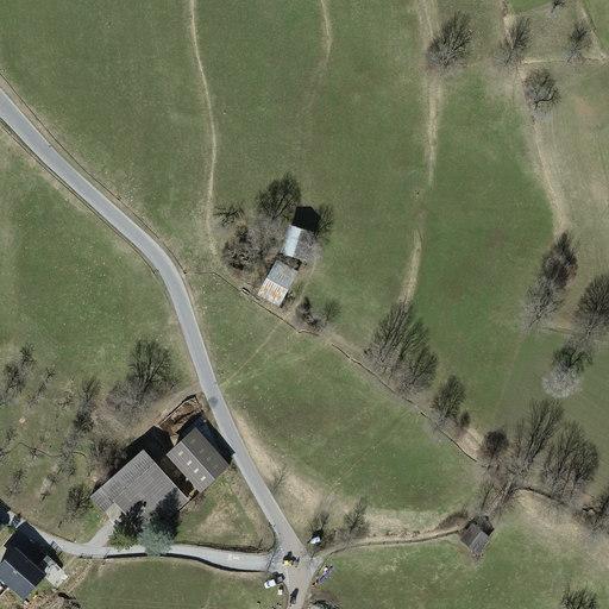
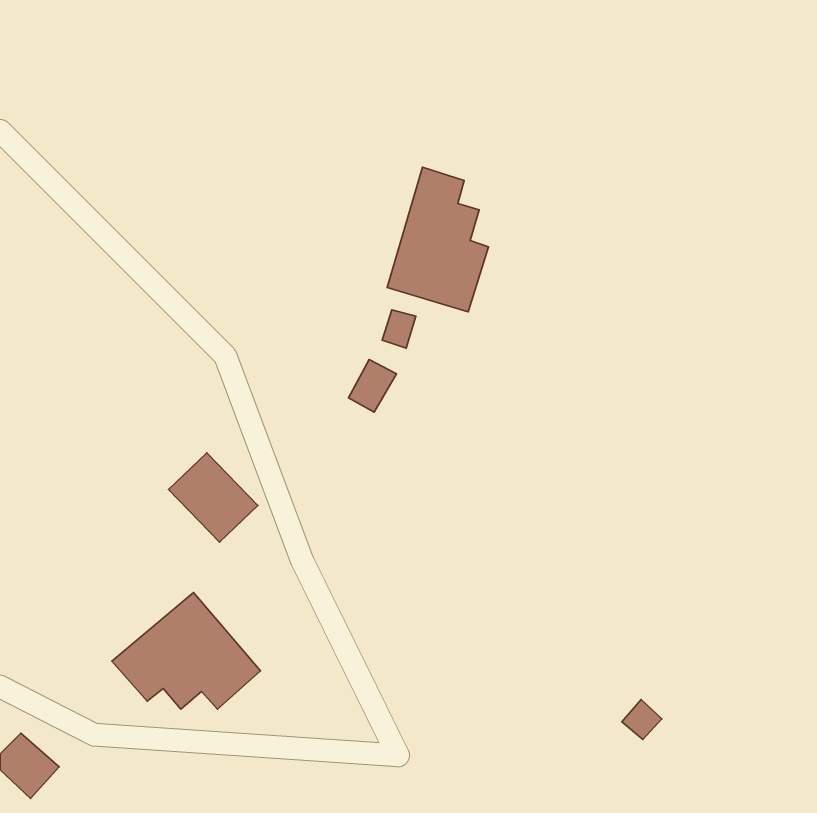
building: none -> [387,167,488,312]
building: [164,426,231,492] -> [168,453,258,542]

